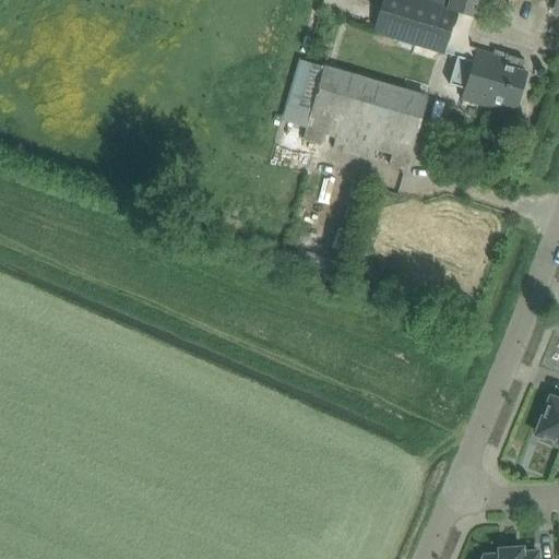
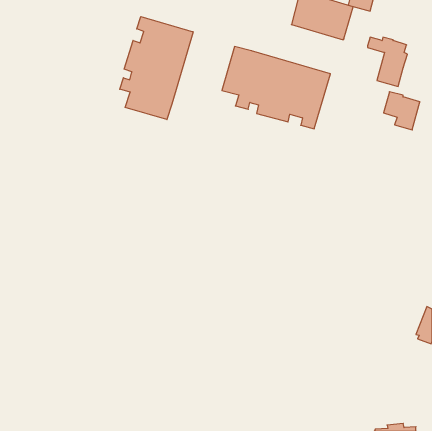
building: none -> [120,17,193,120]
building: [449,55,496,104] -> [384,92,420,130]

